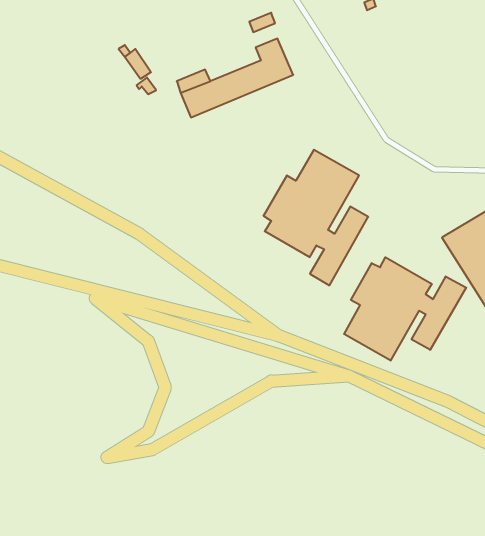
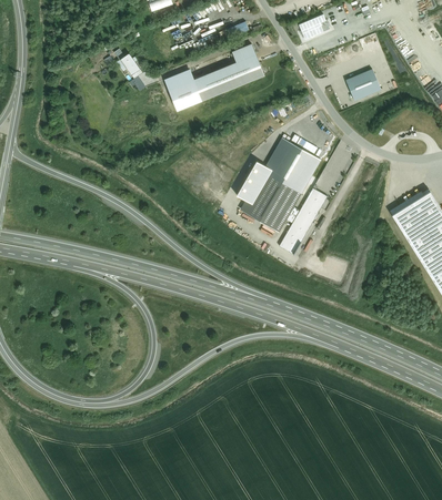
building: none -> [346,69,382,99]
building: [344,257,466,361] -> none

